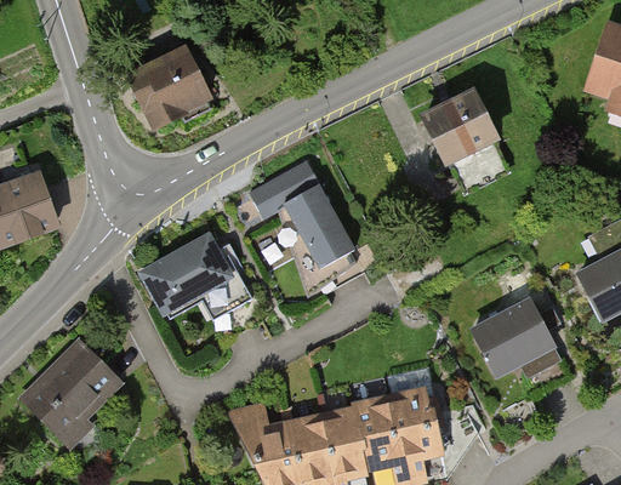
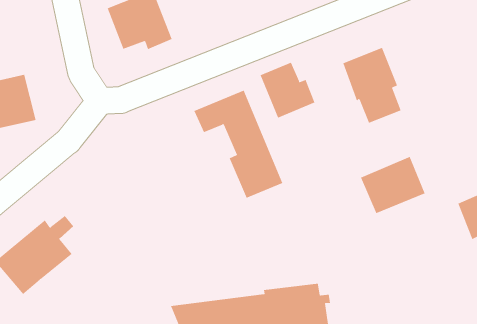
building: none -> [260,62,315,118]
building: [142,245,253,313] -> none
building: [473,301,554,375] -> [360,156,425,214]

